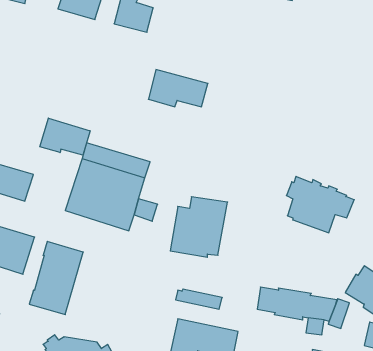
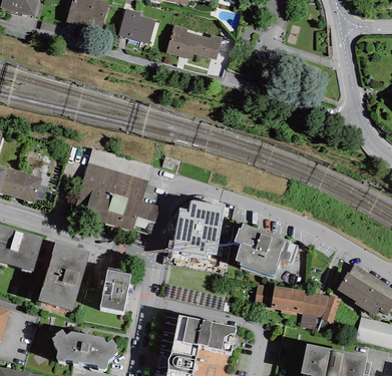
building: [148,70,208,107] -> [166,25,223,60]
building: [40,118,90,155] -> none
building: [286,176,354,233] -> [234,224,298,277]
building: none -> [99,268,130,312]

